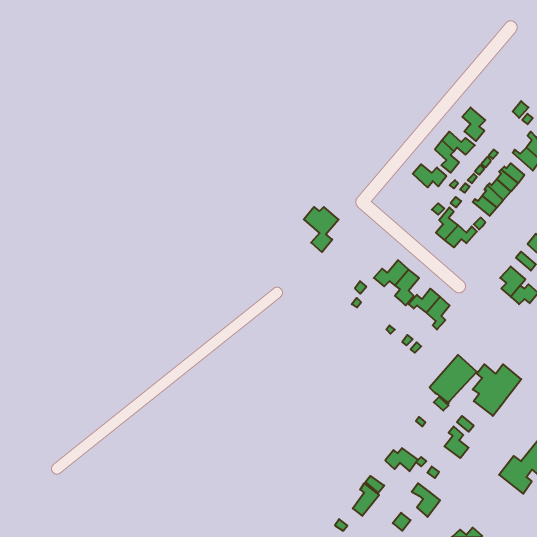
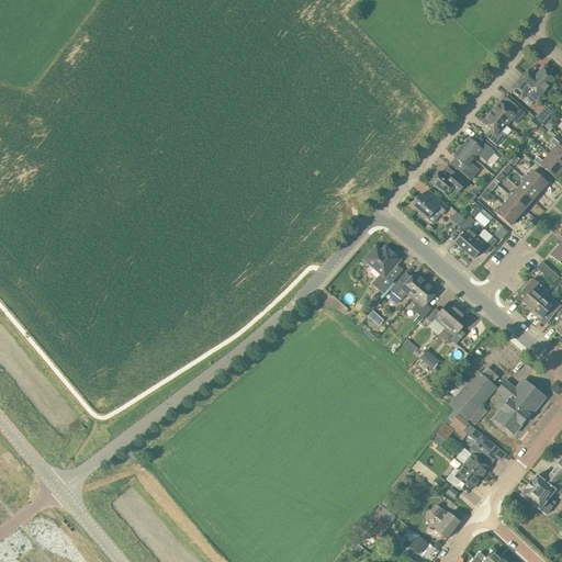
building: none -> [512,68,554,101]
building: none -> [492,102,526,125]
building: none -> [412,193,448,218]
building: [304,207,339,252] -> [366,246,402,293]
building: [385,448,418,471] -> [447,465,481,490]

